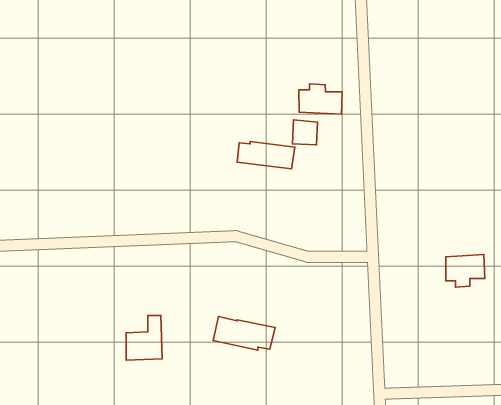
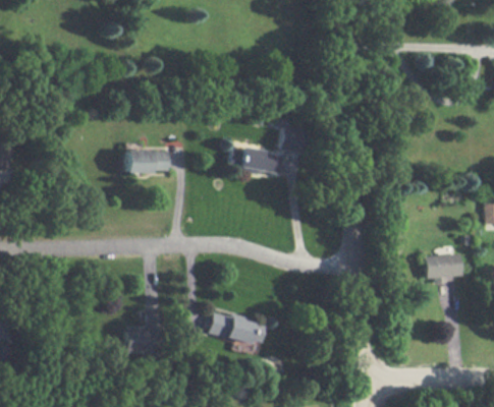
building: [299,84,342,114] -> none
building: none -> [126,151,169,173]

